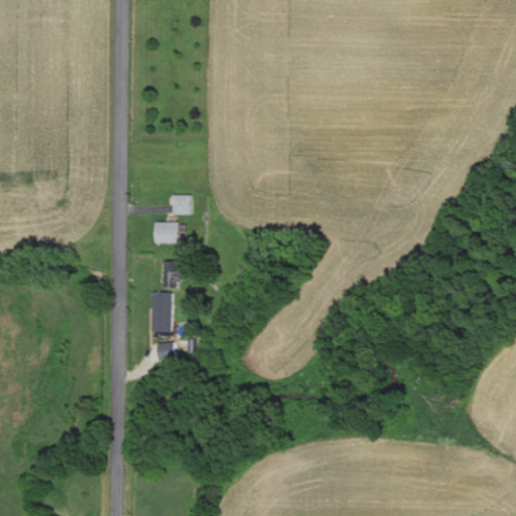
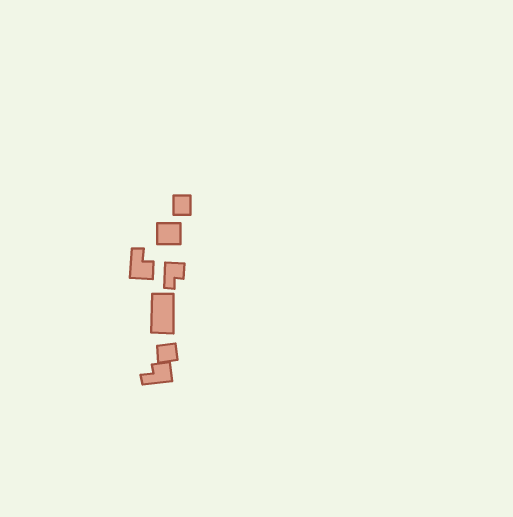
building: none -> [130,249,154,279]
building: none -> [141,362,172,385]

